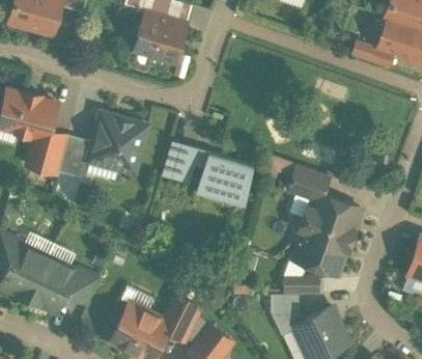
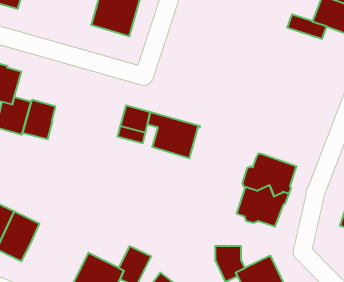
building: [90,114,146,171] -> none
building: [289,165,330,200] -> none
building: [66,268,101,305] -> none
building: [285,279,319,297] -> none

